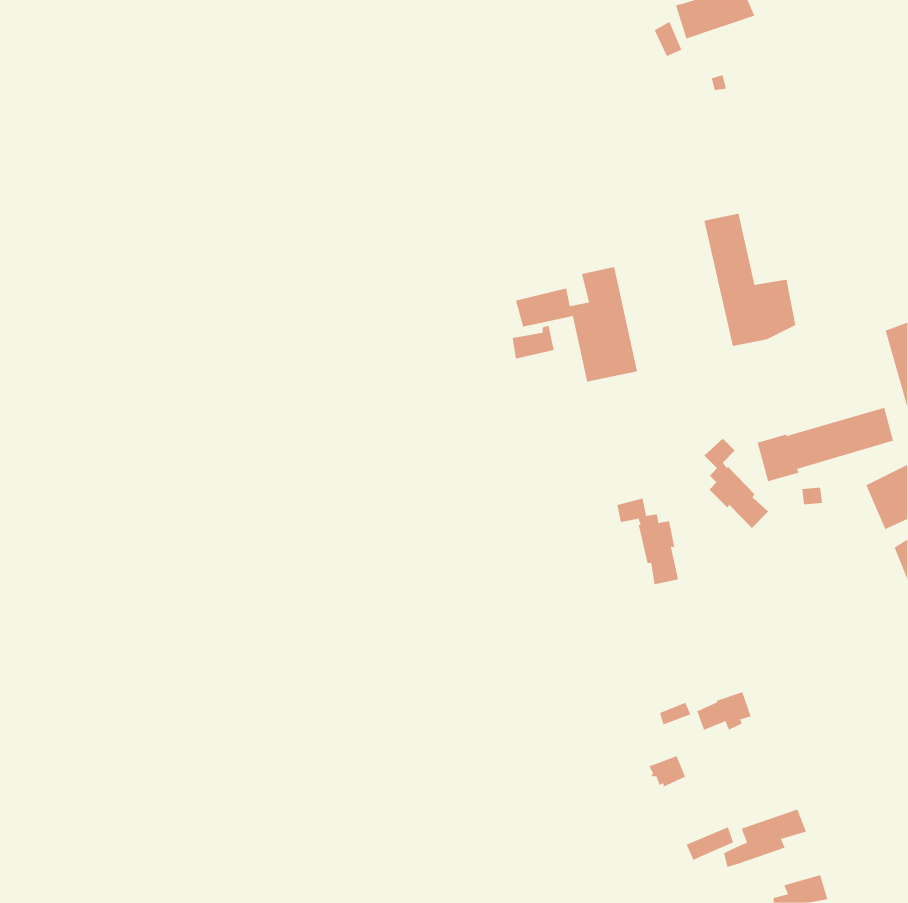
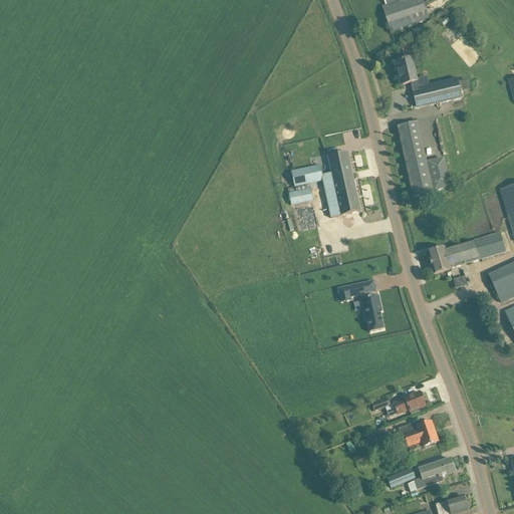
building: none -> [396,56,463,104]
building: [704,438,769,529] -> none
building: none -> [399,421,438,449]

